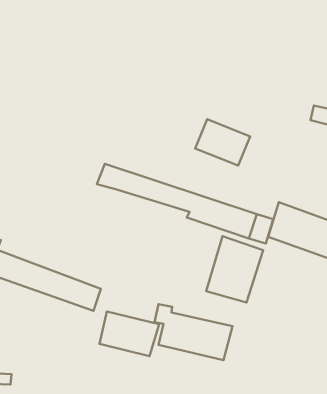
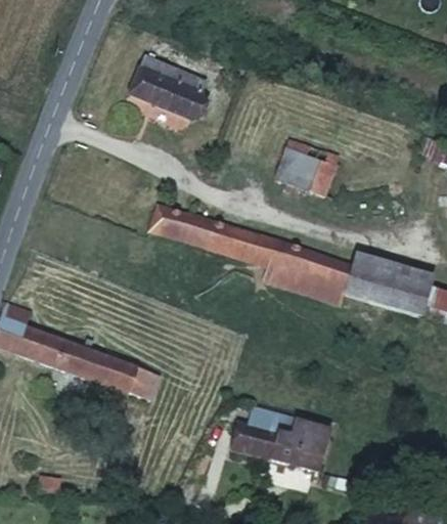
building: none -> [133,61,209,123]
building: [206,236,263,303] -> none
building: [100,312,159,356] -> none

